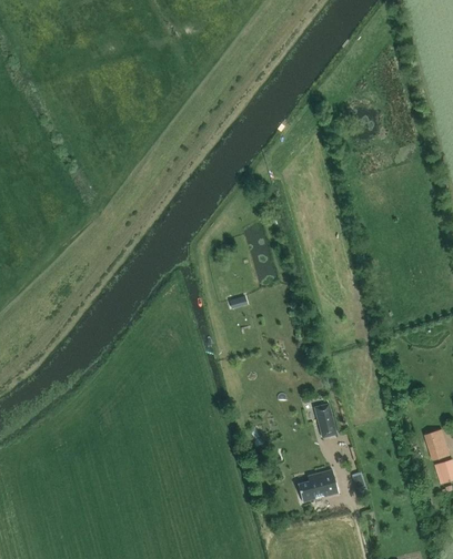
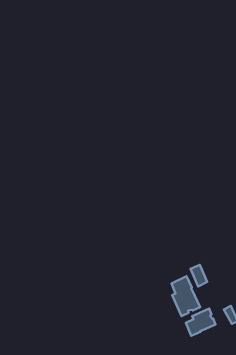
building: none -> [172,276,200,316]

